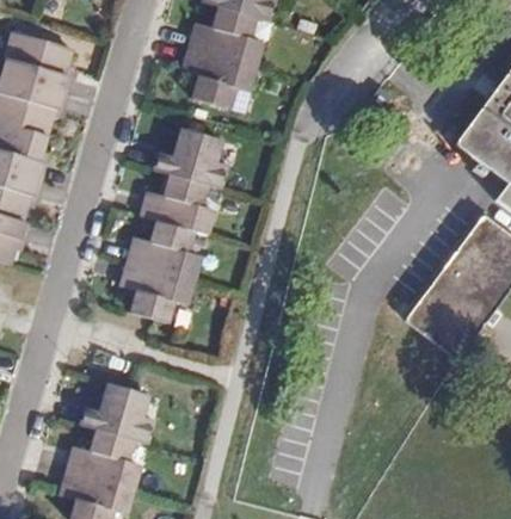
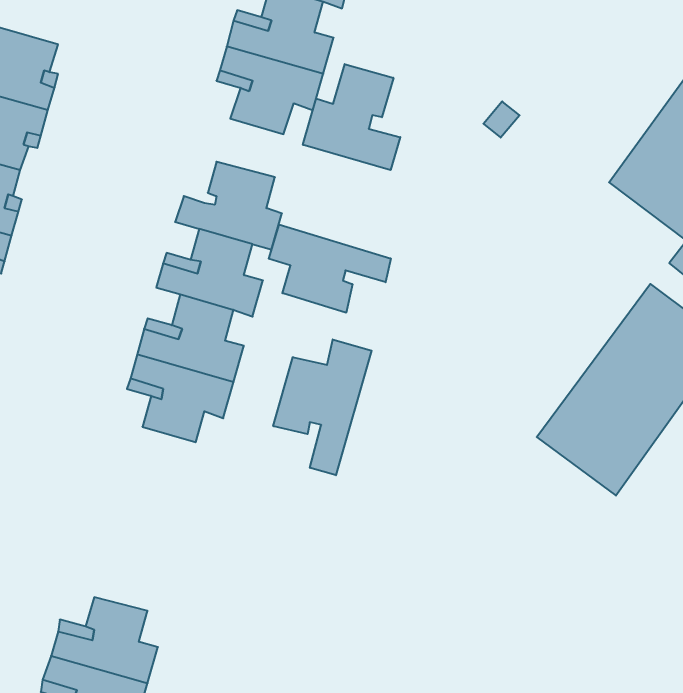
building: none -> [303,64,400,170]
building: none -> [269,225,391,313]
building: none -> [273,339,372,475]
building: [80,382,154,444] -> none

